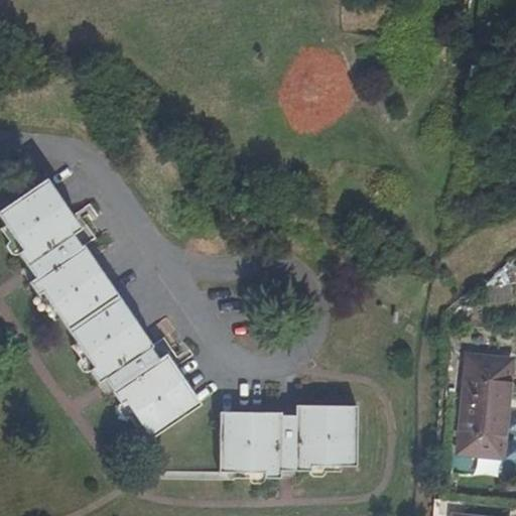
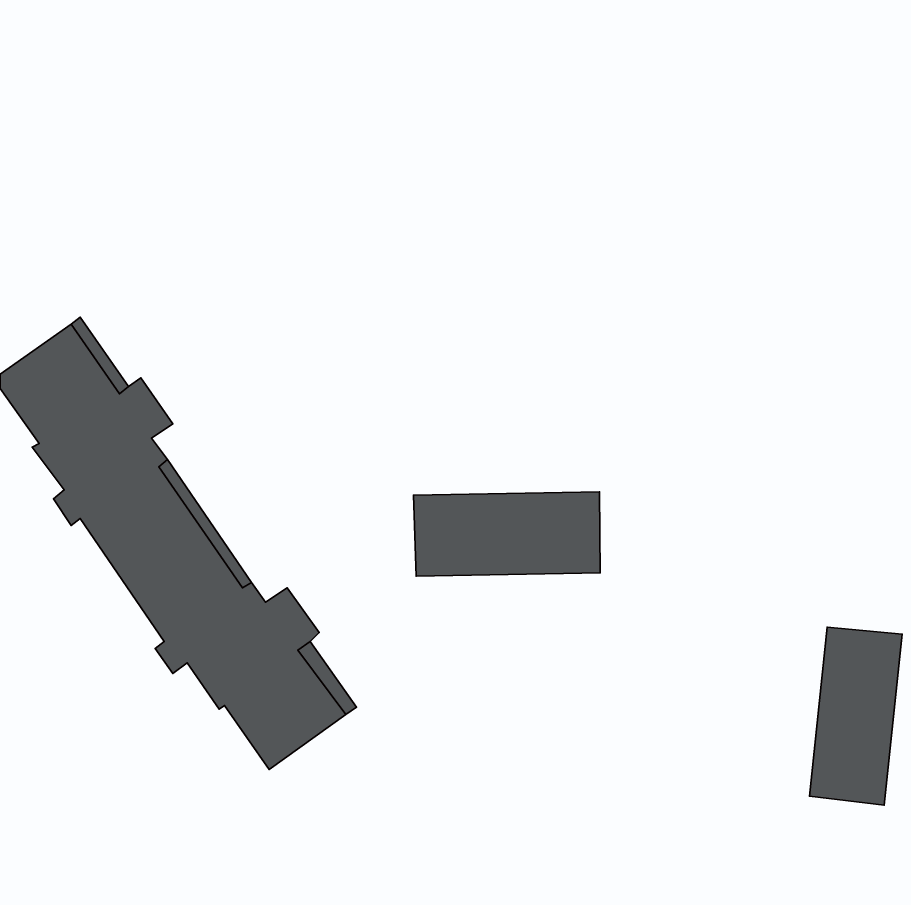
building: none -> [414,492,600,576]
building: [217,402,356,477] -> none

